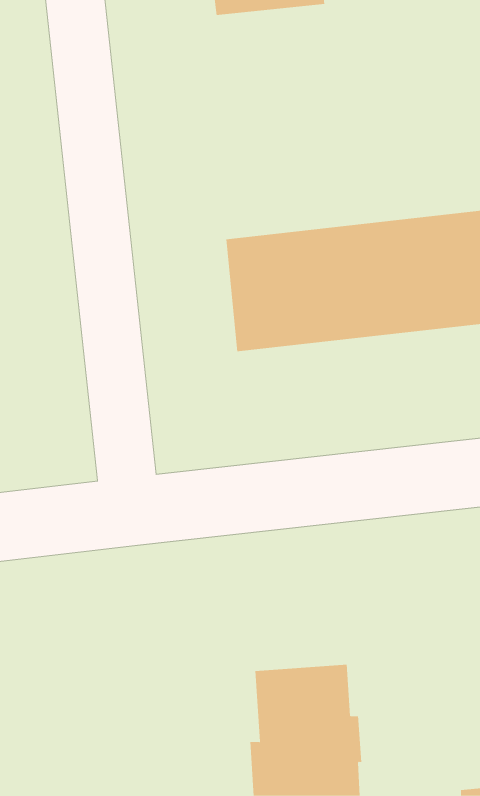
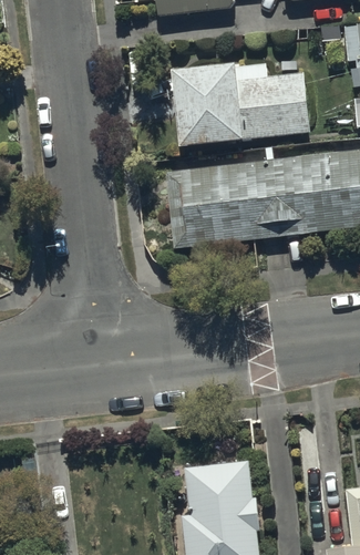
building: none -> [173,63,310,146]

